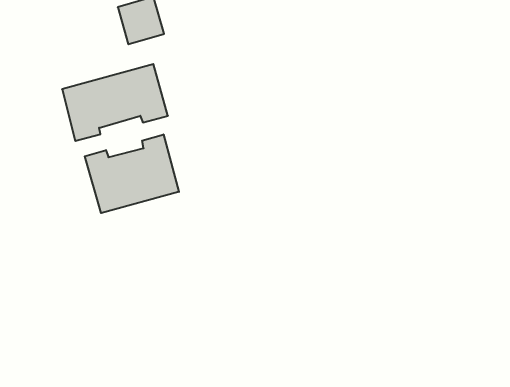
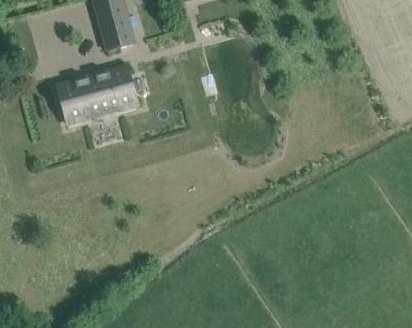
building: [85,134,179,213] -> none

